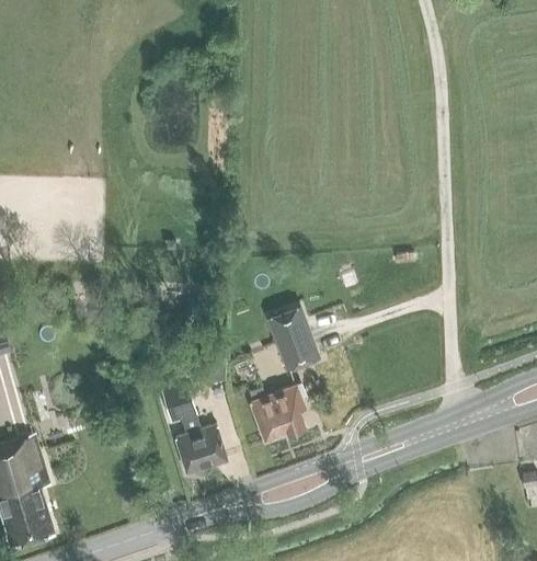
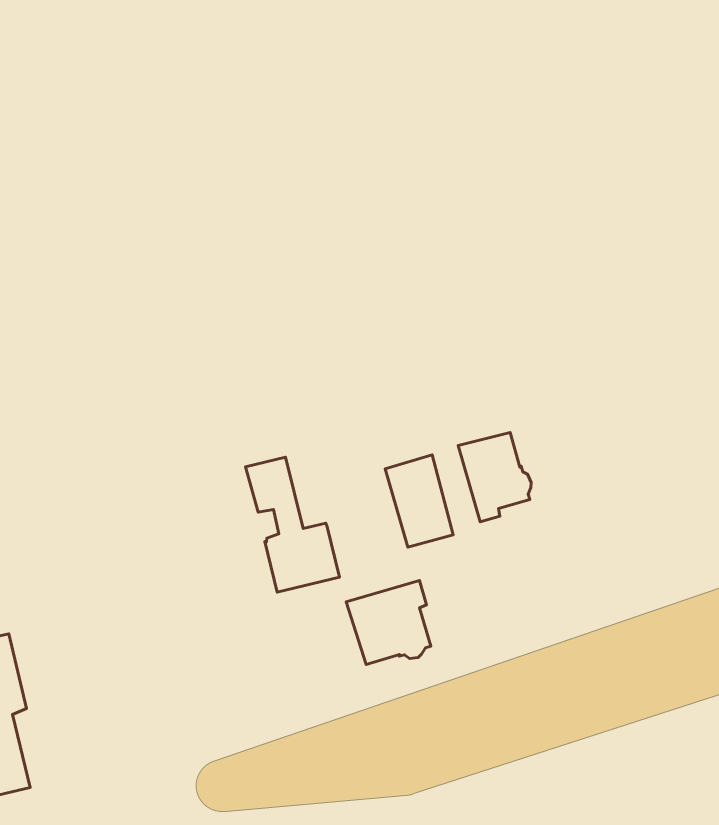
building: none -> [458,432,531,522]
building: [162,387,227,473] -> [245,457,340,592]

